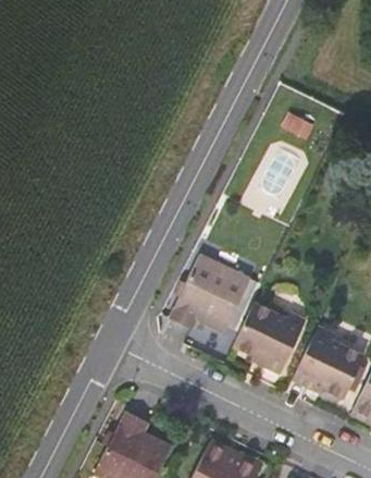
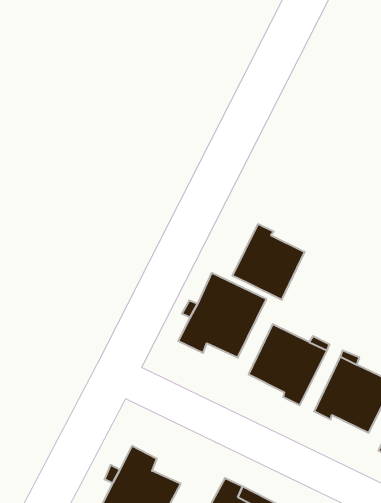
building: none -> [232,224,305,300]

